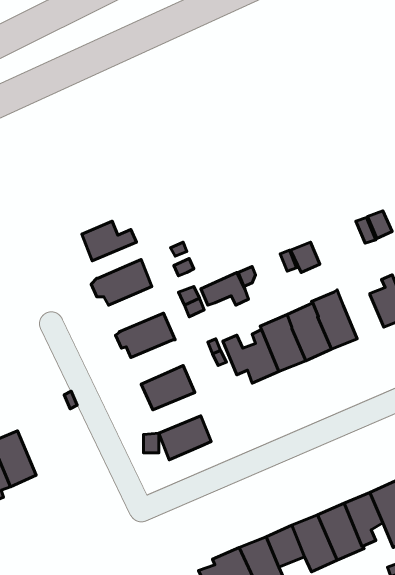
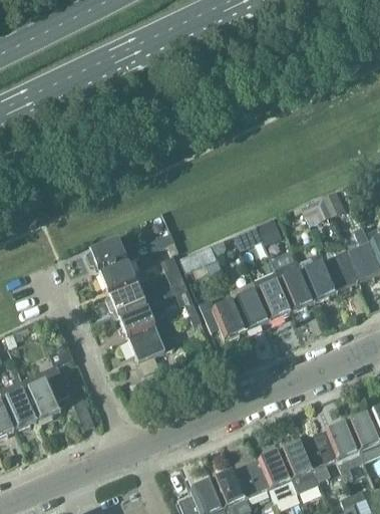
building: [82,221,137,261] -> [100,261,147,295]
building: none -> [298,252,337,301]
building: none -> [22,365,70,419]
building: [159,416,211,460] -> [119,302,164,340]

